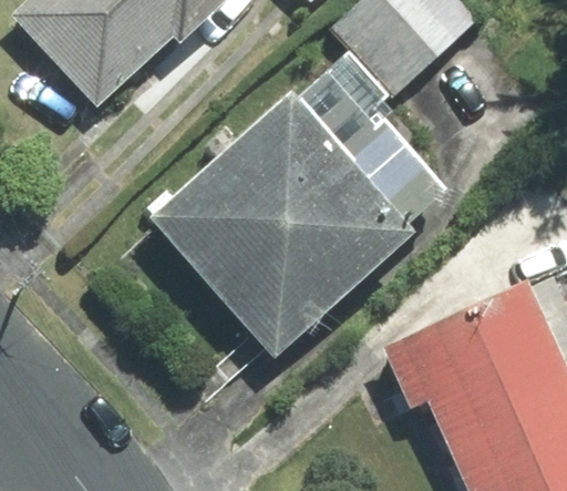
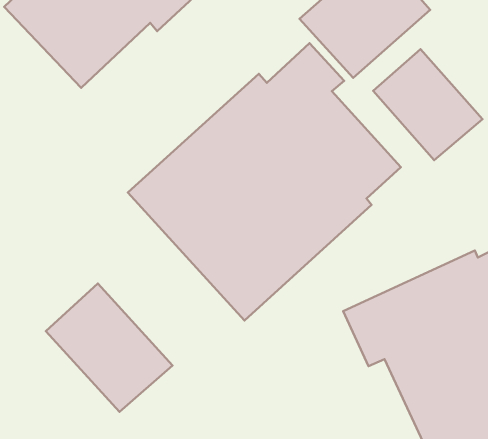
building: none -> [373,49,482,160]
building: none -> [46,283,173,412]

